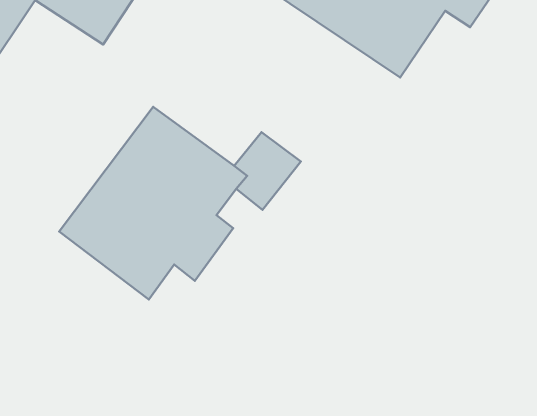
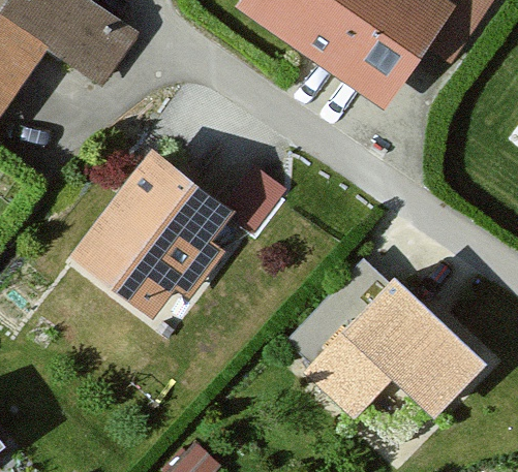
building: none -> [295,262,489,420]

